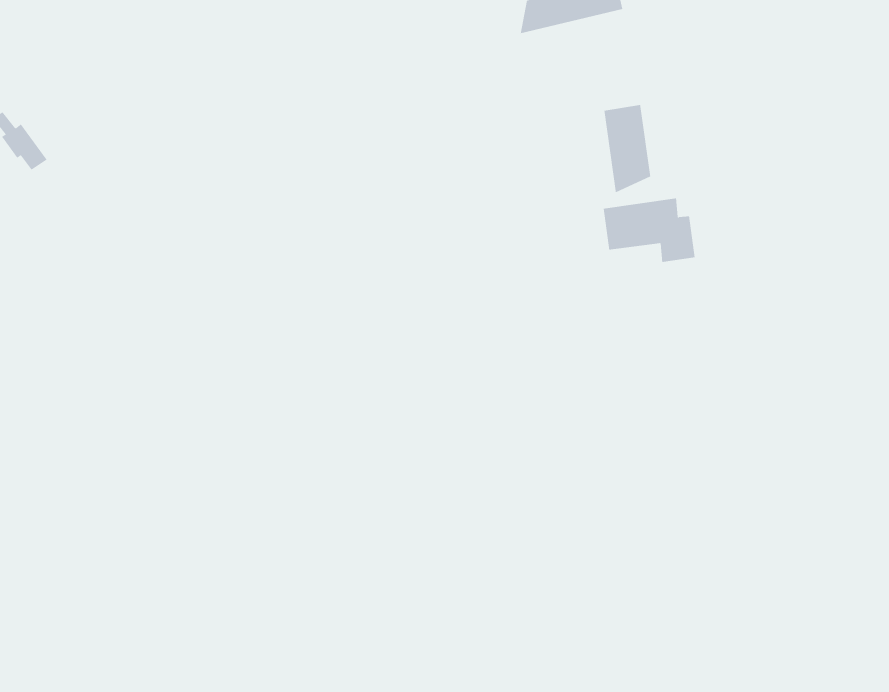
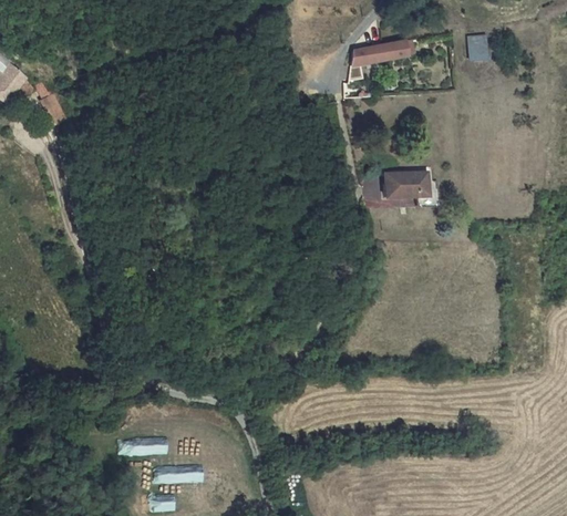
building: [604,104,651,193] -> none

